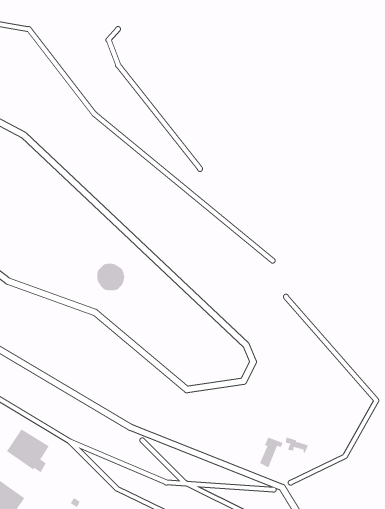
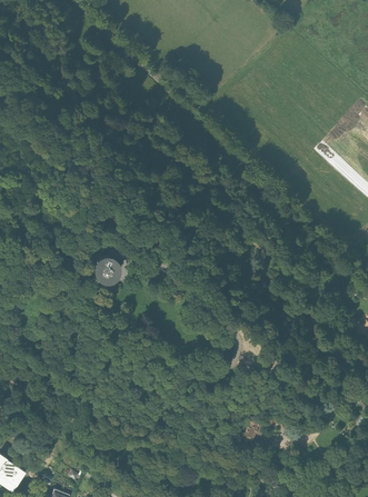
building: [6,429,49,473] -> none

